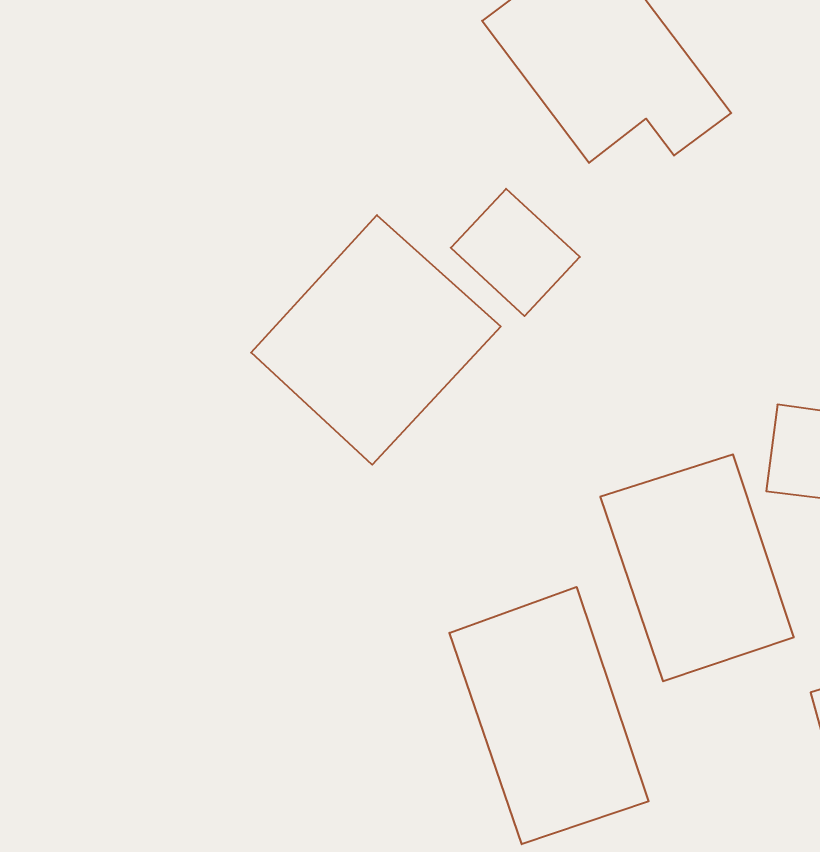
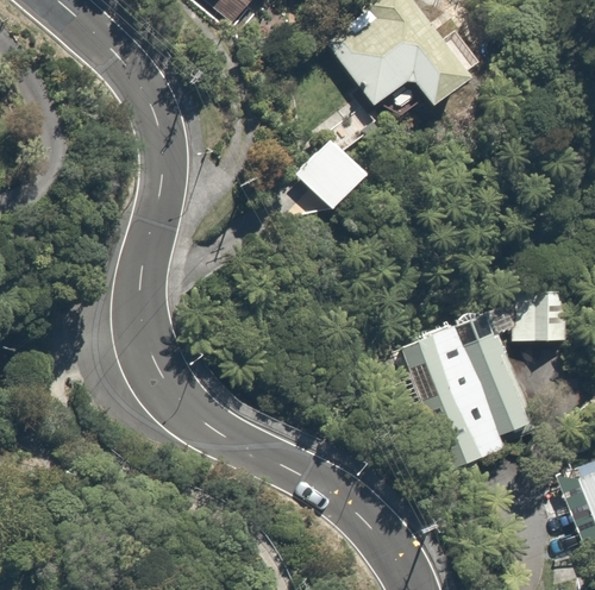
building: [251,215,501,465] -> none
building: [449,587,649,844] -> none

